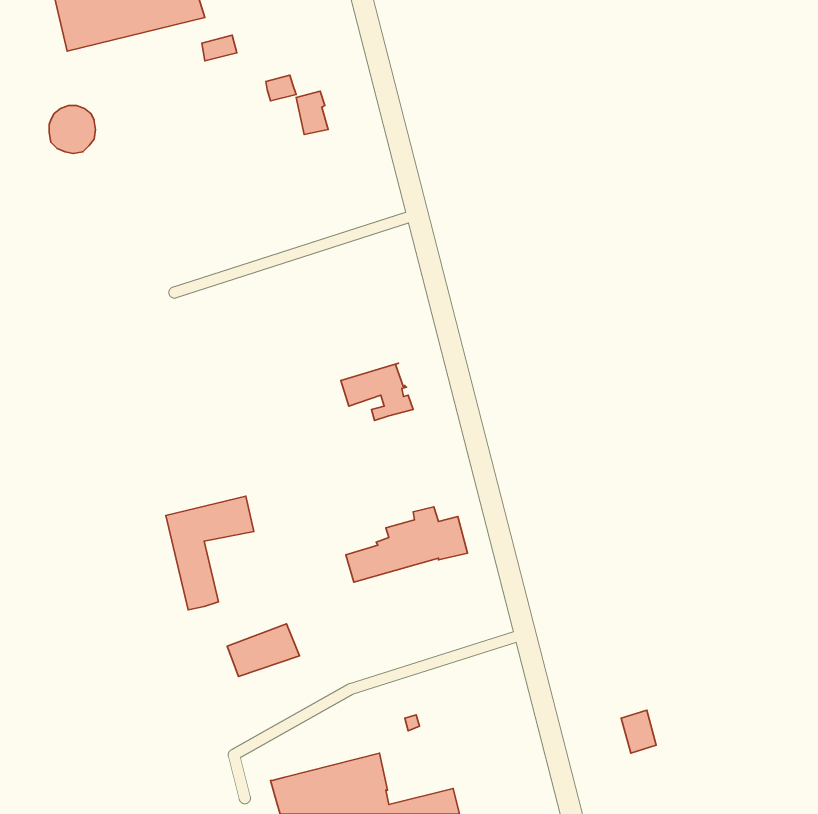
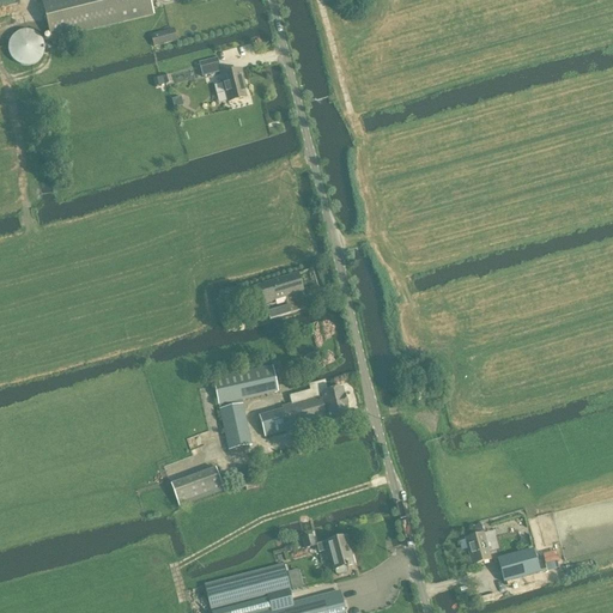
building: [49,105,96,153] -> [10,25,44,61]
building: [166,496,254,610] -> [212,364,278,449]
building: none -> [316,535,353,575]
building: none -> [497,548,539,581]

